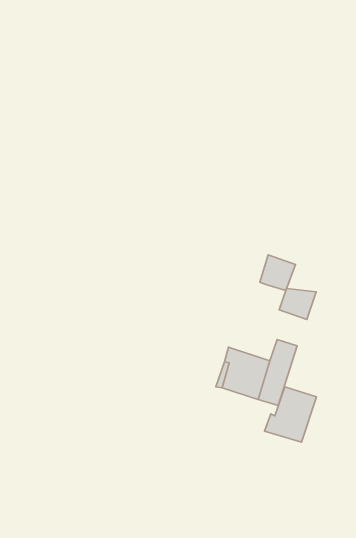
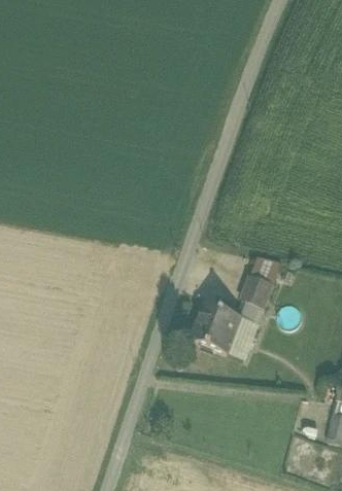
building: [260,255,296,291] -> [240,273,271,304]
building: [265,387,317,442] -> none

